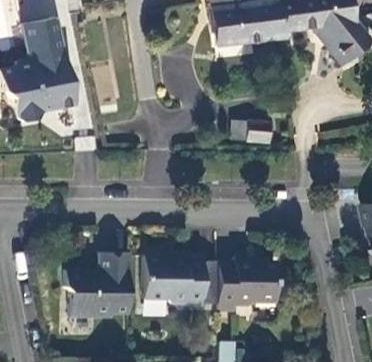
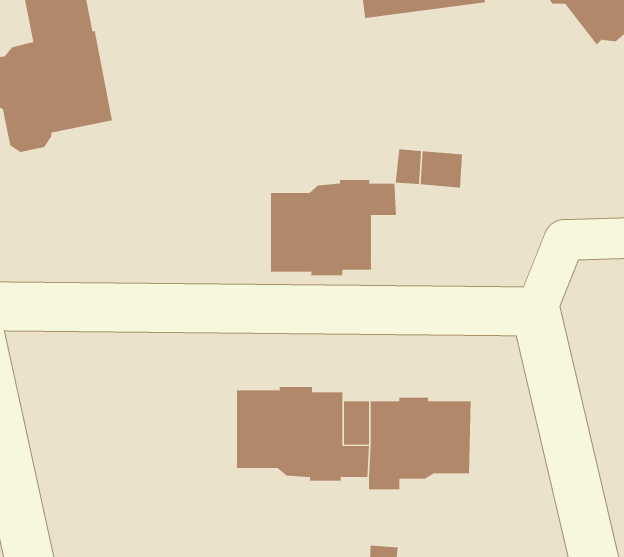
building: none -> [271,179,397,276]
building: [65,253,128,316] -> none

